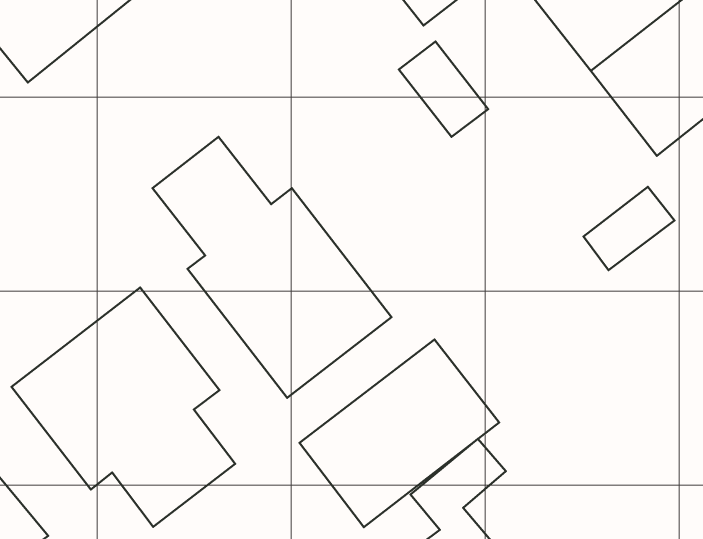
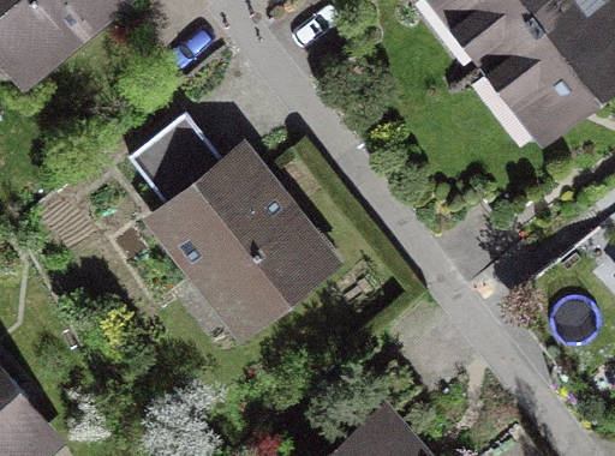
building: [12,287,235,527] -> none
building: [300,339,499,527] -> none

